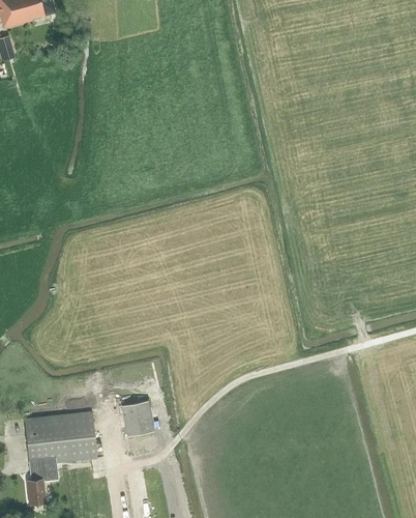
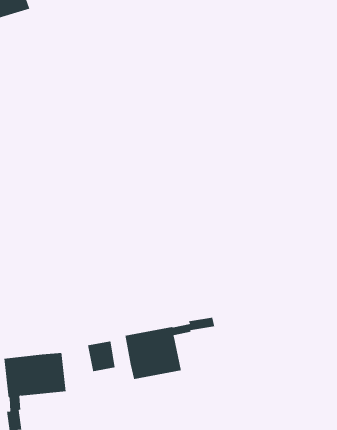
building: none -> [125,317,215,380]

